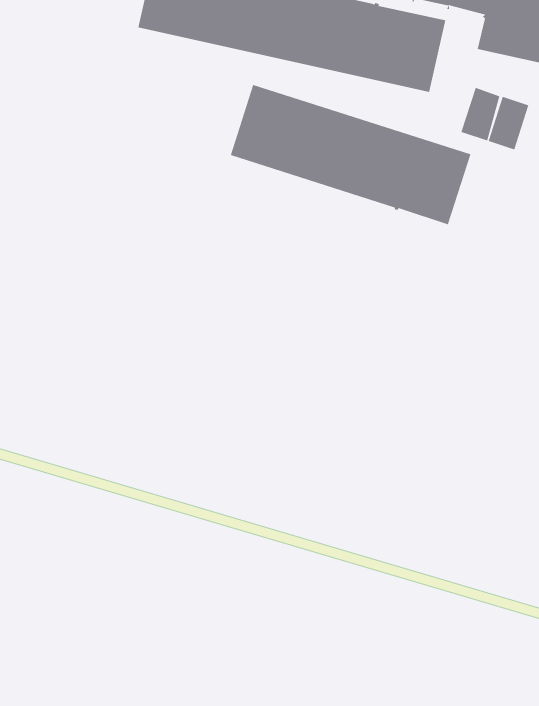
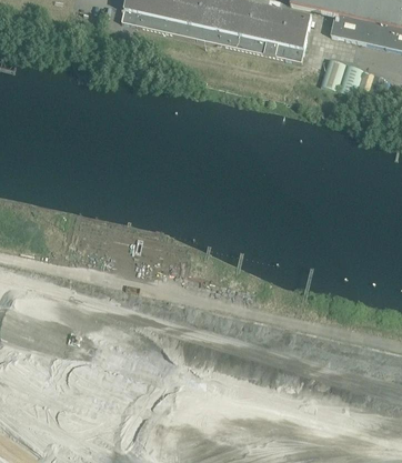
building: [230,84,471,225] -> none

